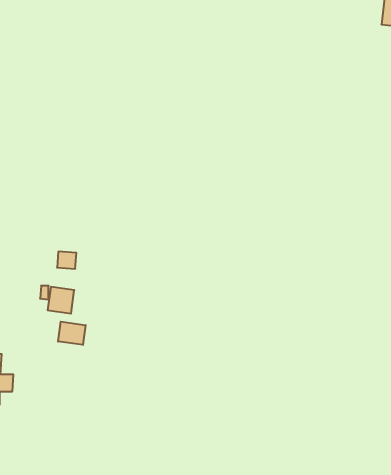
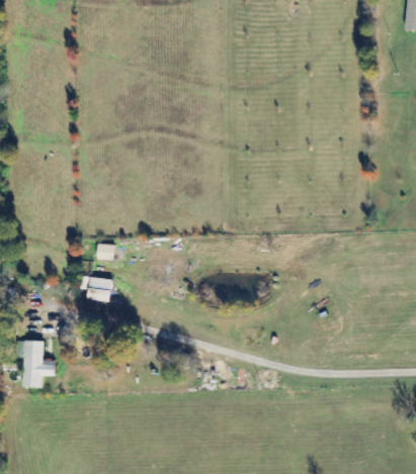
building: [58,322,86,345] -> none

